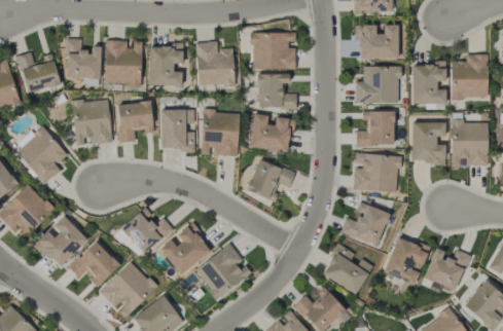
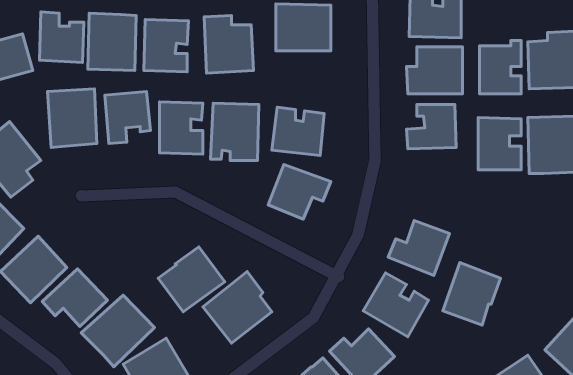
building: [257,73,296,109] -> none
building: [353,153,399,192] -> none
building: [120,209,173,254] -> none
building: [424,247,469,290] -> none

